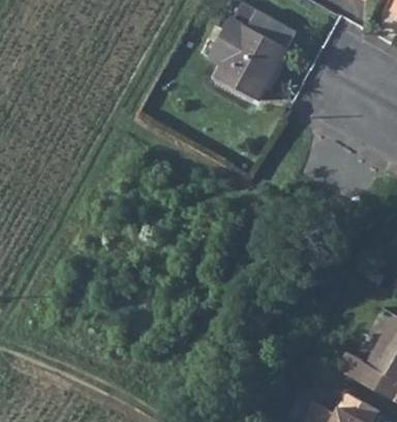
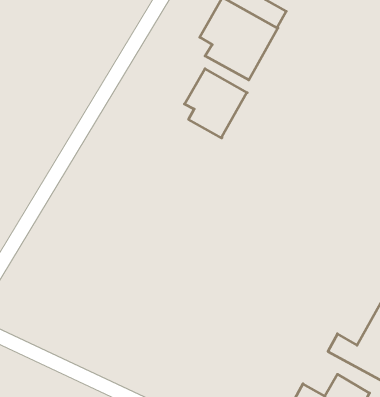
building: none -> [184,69,247,138]

